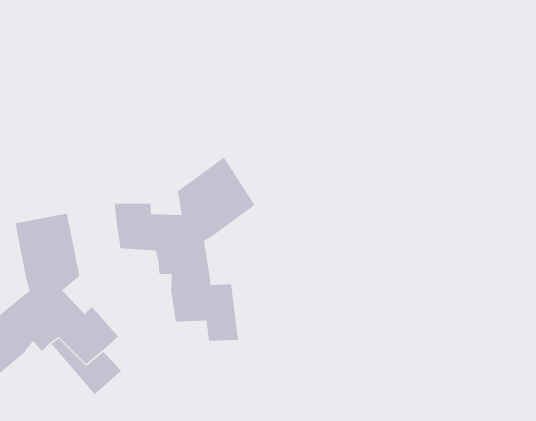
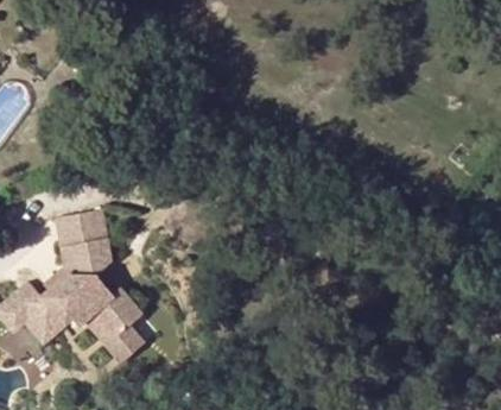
building: [114,156,255,342] -> none

